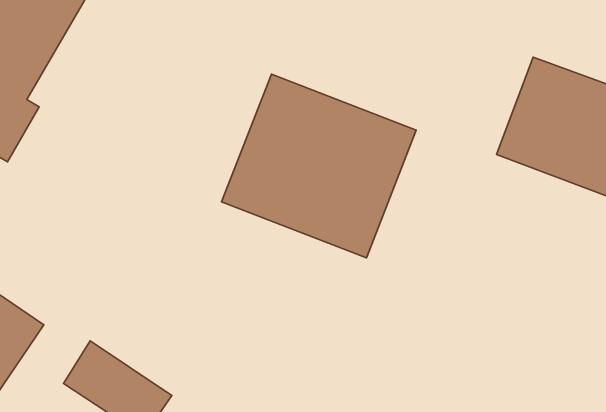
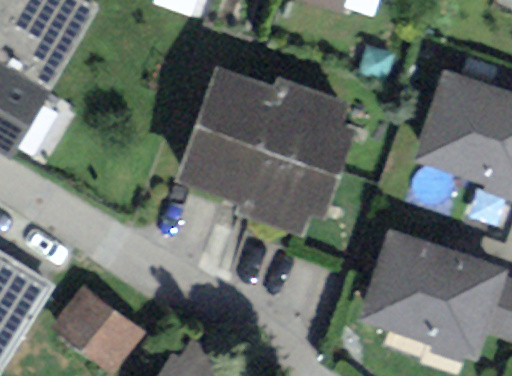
building: none -> [363,230,502,354]

